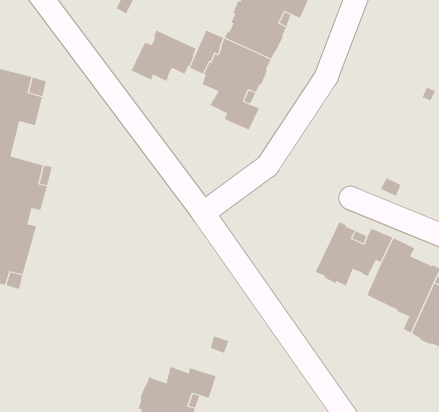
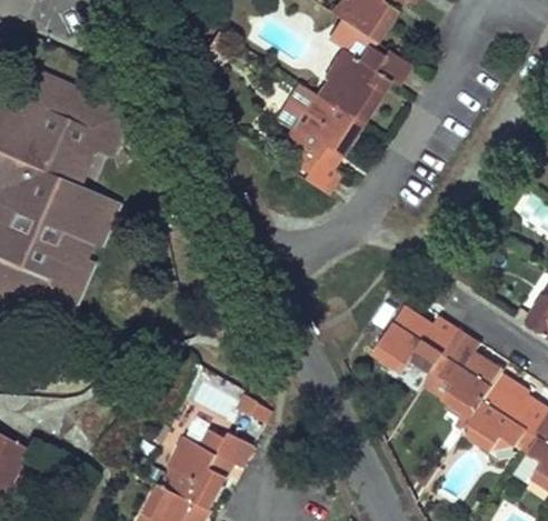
building: [131,30,196,82] -> none

